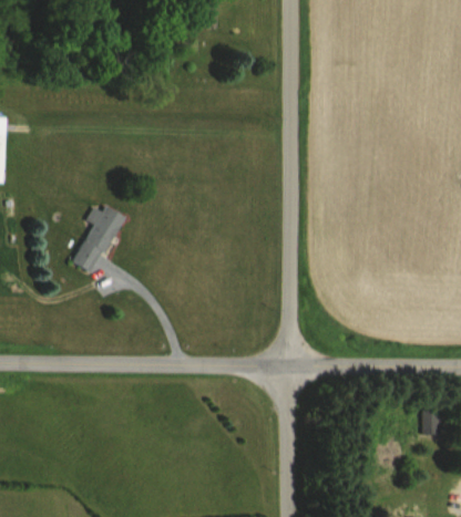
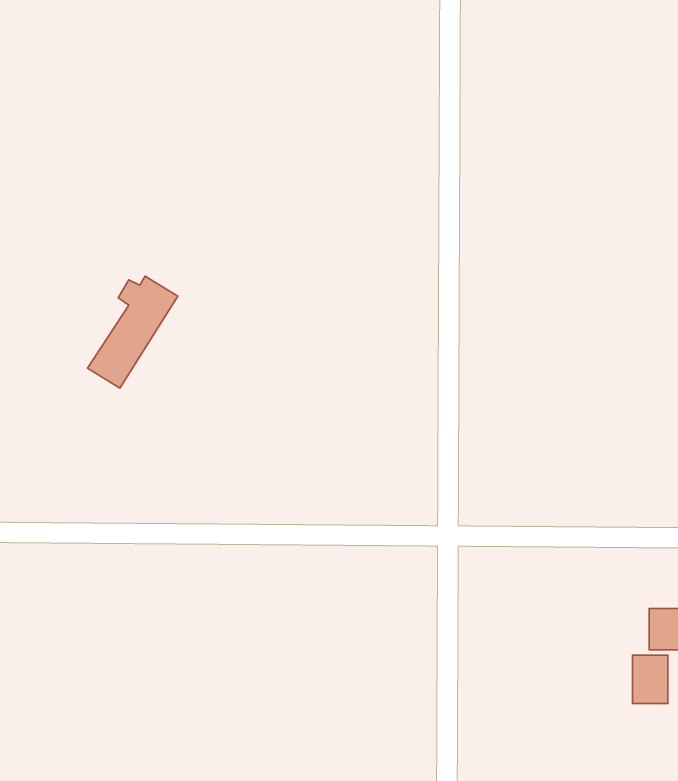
building: none -> [632,655,668,704]

